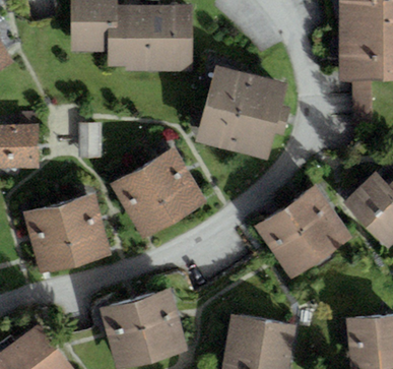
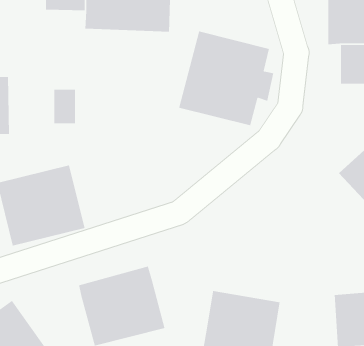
building: [112,148,205,237] -> none
building: [258,186,353,280] -> none

